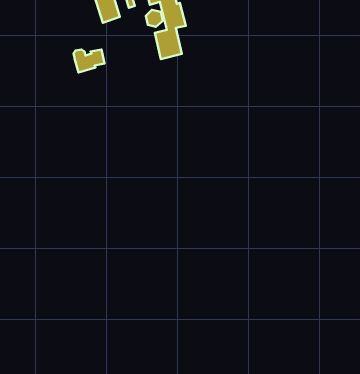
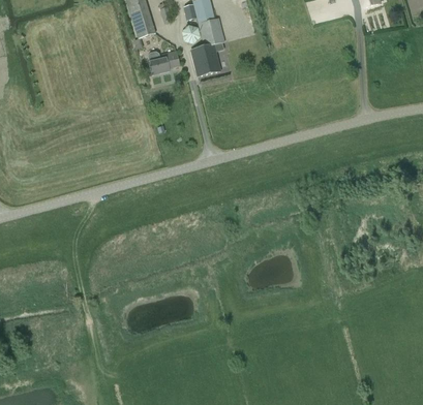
building: [73,49,104,73] -> [147,51,179,74]

